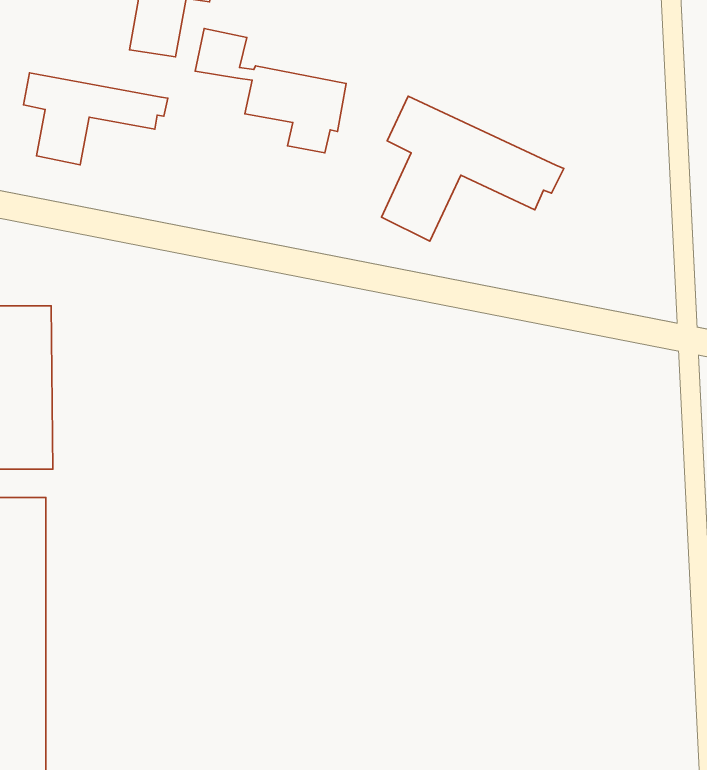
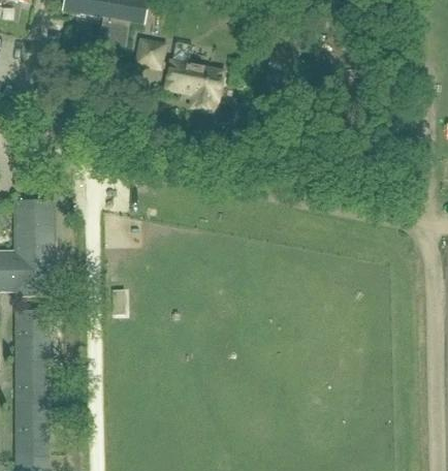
building: [23,73,168,165] -> none
building: [381,96,564,241] -> none

